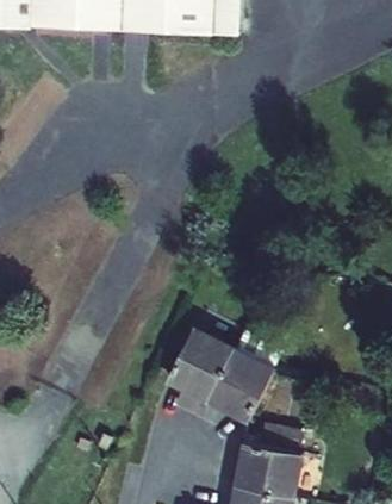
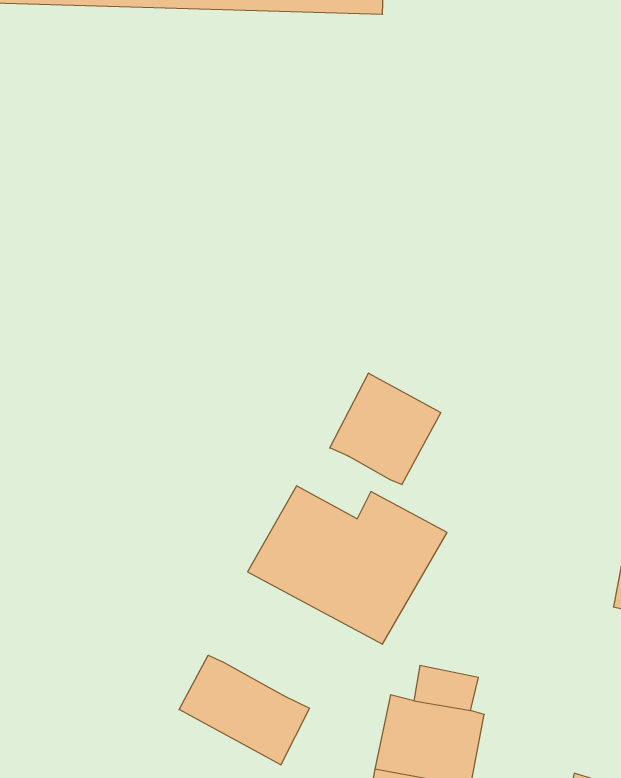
building: none -> [330,373,441,485]
building: none -> [179,655,309,765]

